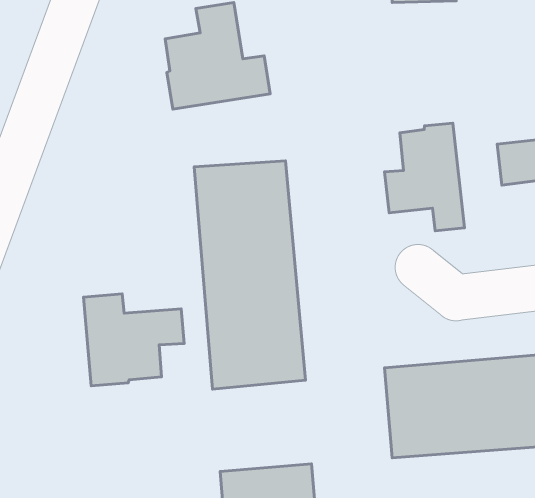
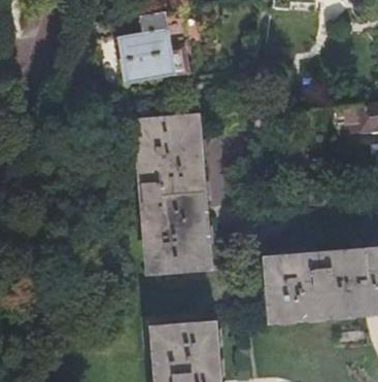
building: [385,123,465,231] -> none
building: [83,294,184,386] -> none

